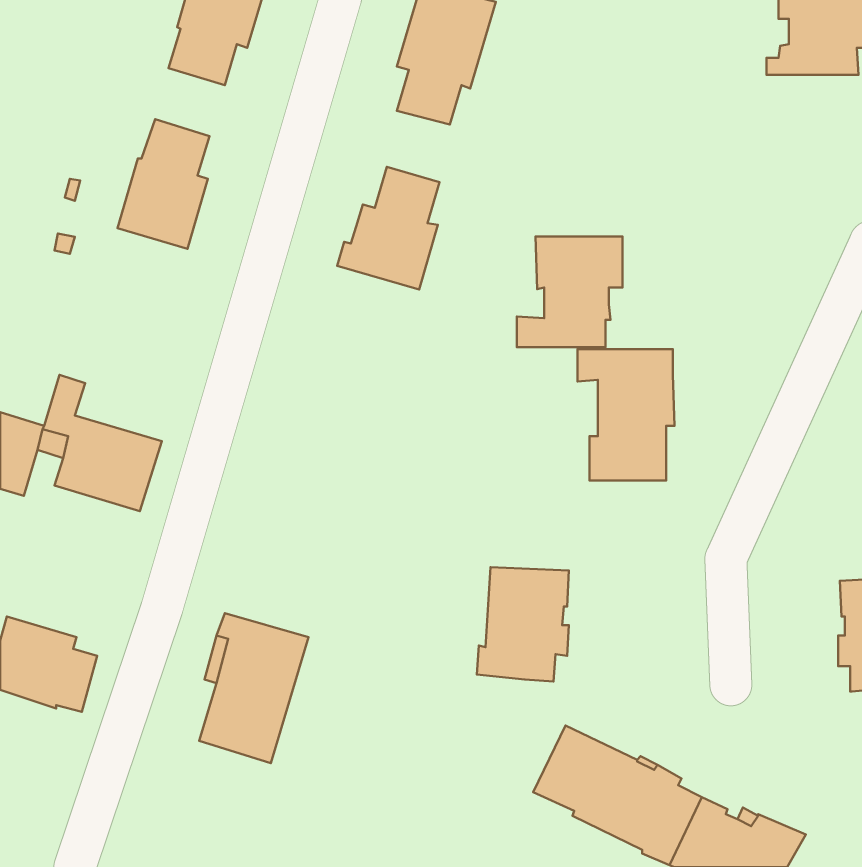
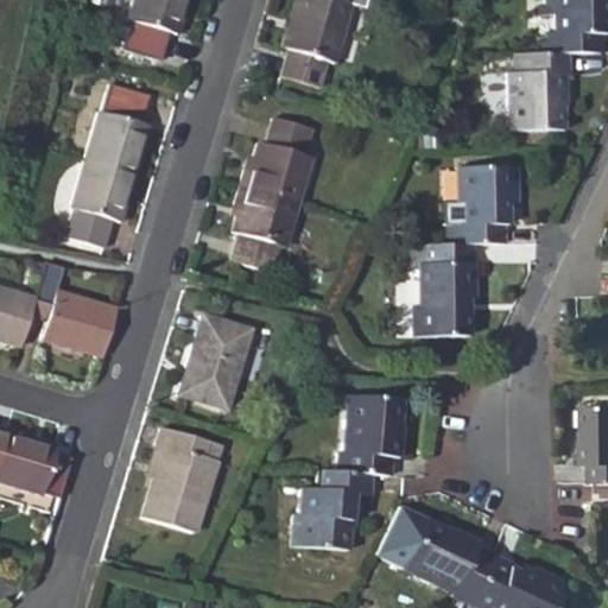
building: none -> [509,52,572,131]
building: none -> [68,159,137,247]
building: [517,236,622,347] -> [445,166,519,243]
building: none -> [233,185,298,272]
building: none -> [179,314,252,408]
building: none -> [293,469,372,549]

